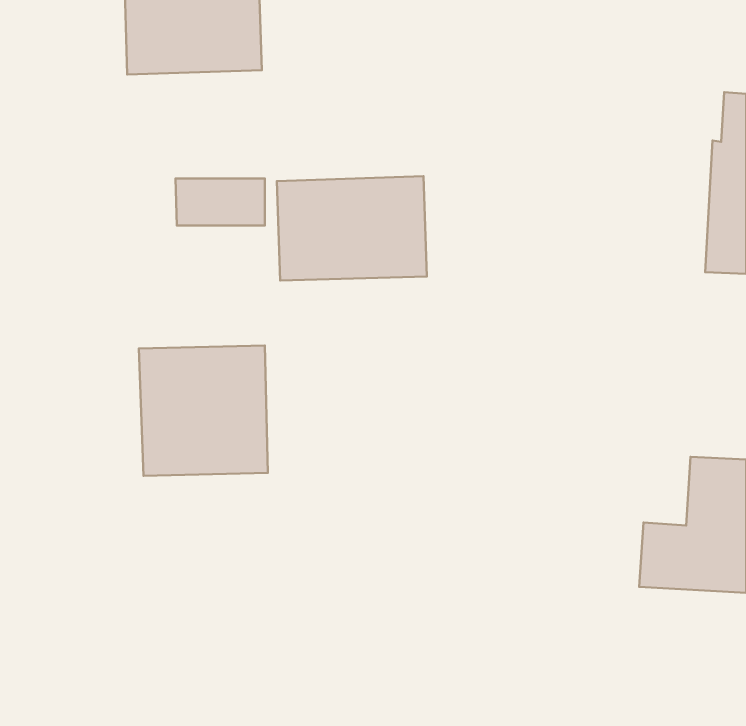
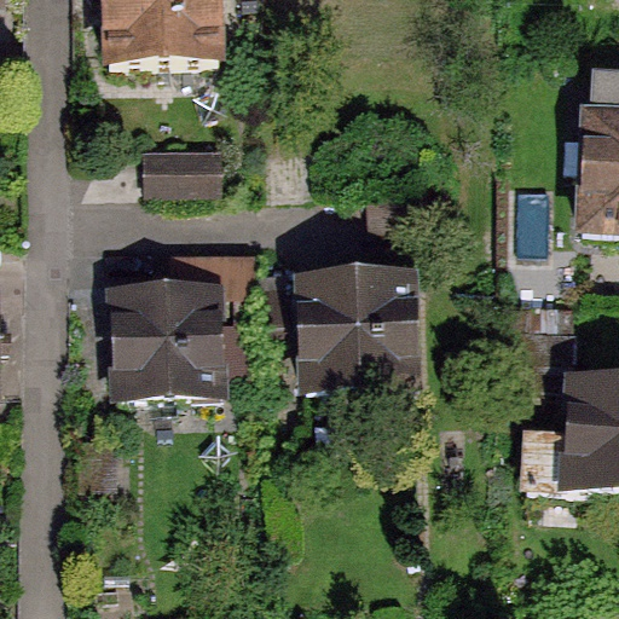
building: [277,176,427,280] -> none
building: none -> [302,278,413,388]

